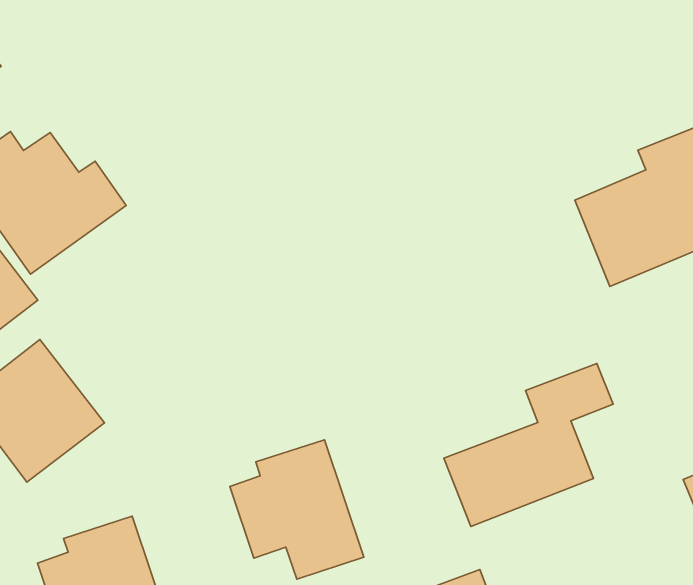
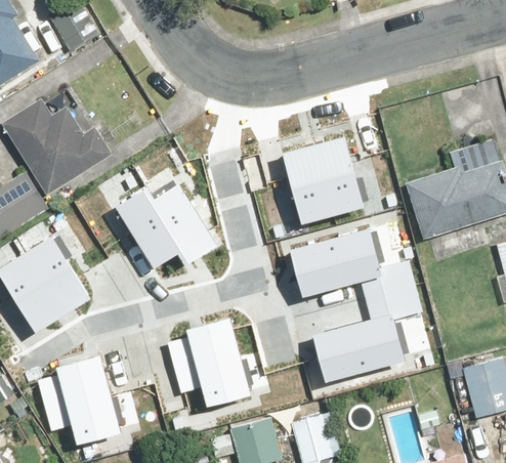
building: none -> [281,143,361,226]
building: none -> [110,181,211,266]
building: none -> [283,227,413,300]

